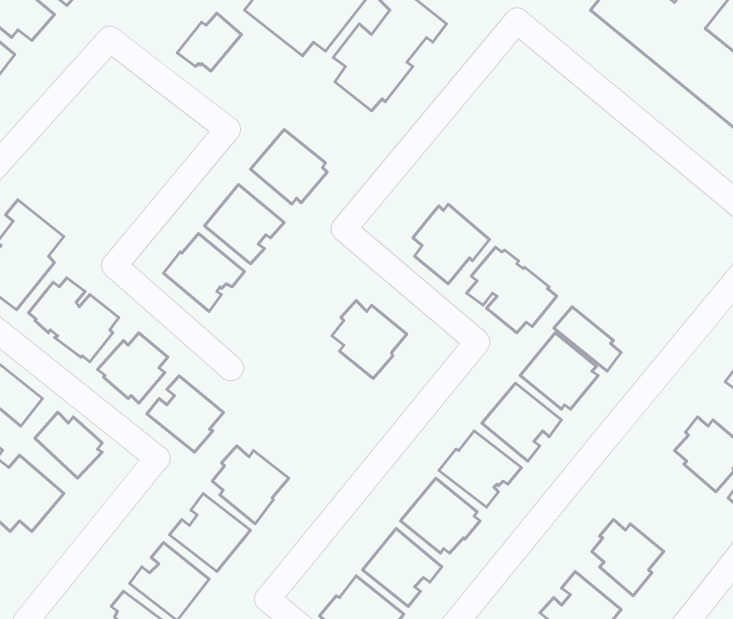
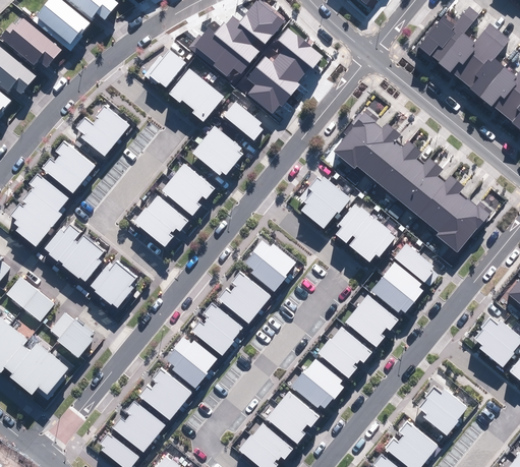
building: none -> [169,68,225,122]
building: none -> [224,102,264,140]
building: none -> [76,105,129,156]
building: none -> [334,108,493,252]
building: none -> [42,139,95,192]
building: none -> [218,272,271,324]
building: [147,376,223,452] -> [190,304,241,355]

